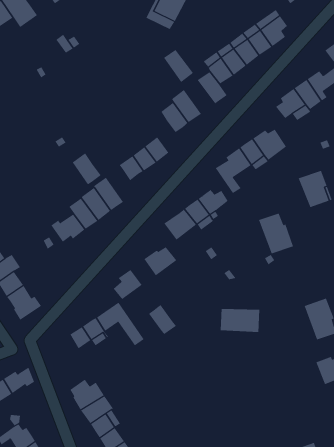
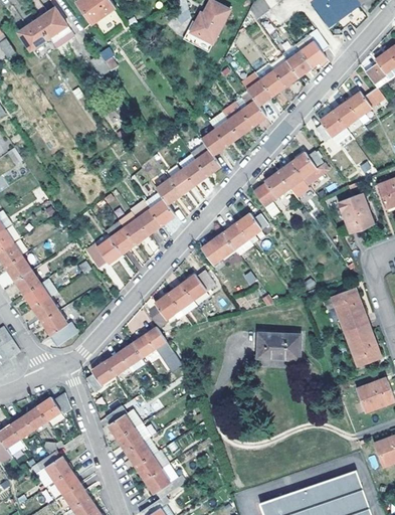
building: [163,49,194,83] -> [222,102,253,136]
building: none -> [190,143,220,175]
building: [72,153,101,185] -> [145,192,175,225]
building: [258,213,294,254] -> [331,289,367,331]
building: [148,304,177,335] -> [168,284,197,315]
building: none -> [85,360,115,391]

